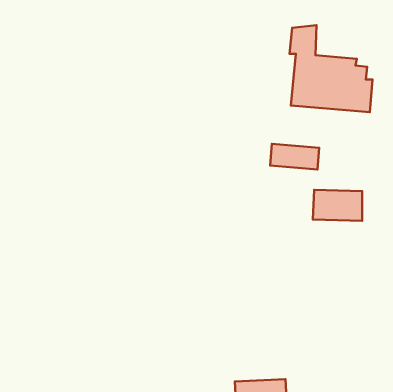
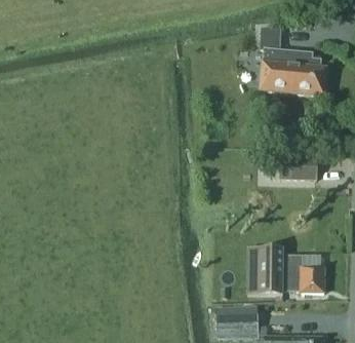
building: [270,144,319,170] -> none
building: none -> [246,247,323,294]

